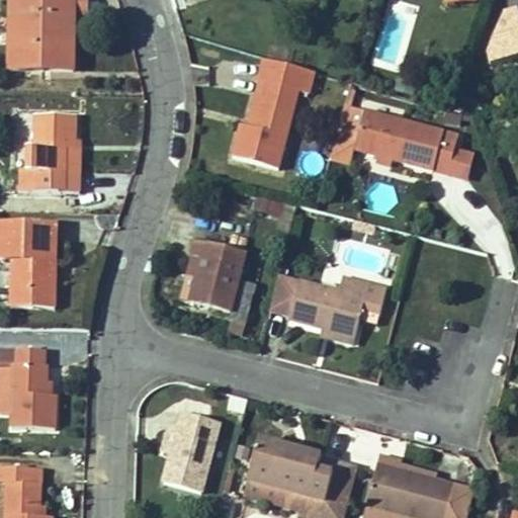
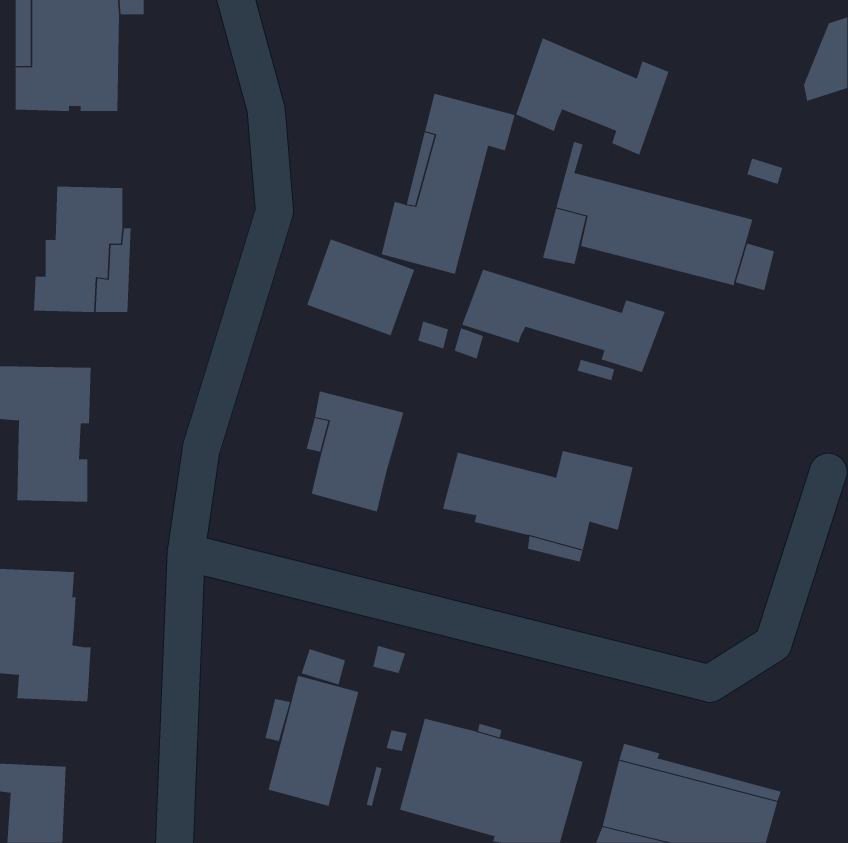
building: none -> [515,38,669,155]
building: none -> [306,238,415,336]
building: none -> [461,269,666,373]

